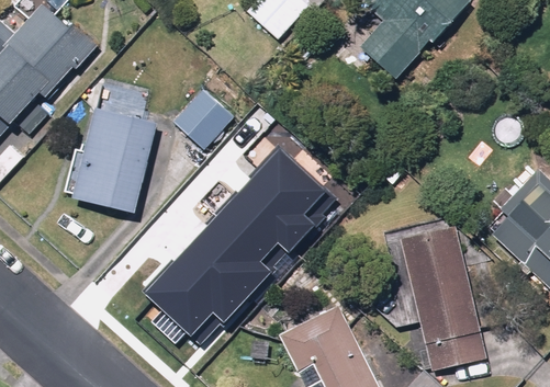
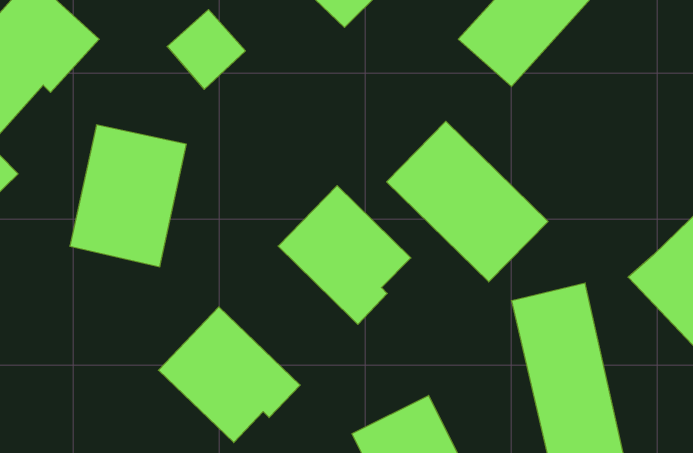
building: [171,89,229,148] -> [167,10,245,89]
building: none -> [387,121,548,282]
building: [183,198,282,301] -> none

